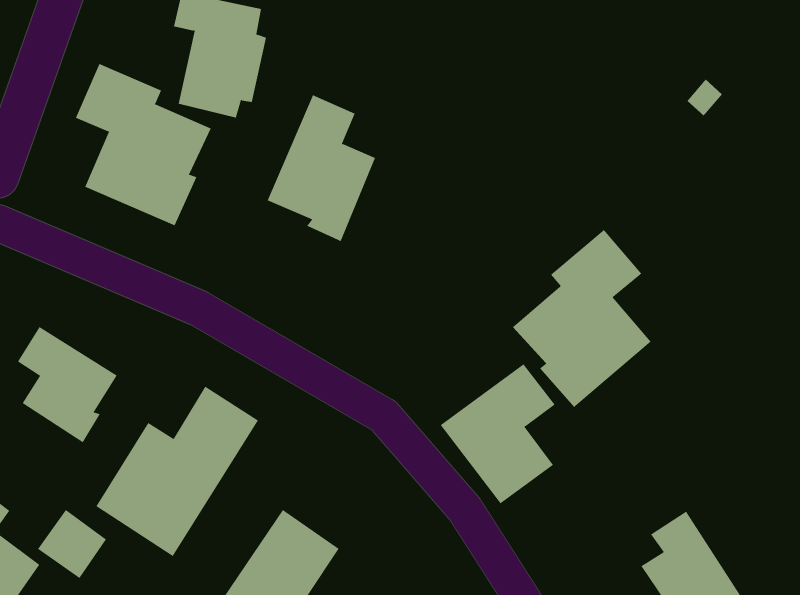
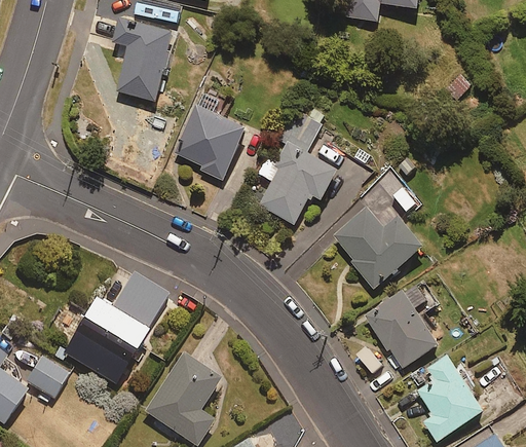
building: [75,63,211,226] -> none
building: none -> [258,110,336,224]
building: [17,326,118,443] -> none
building: [440,363,555,504] -> [364,276,439,368]

